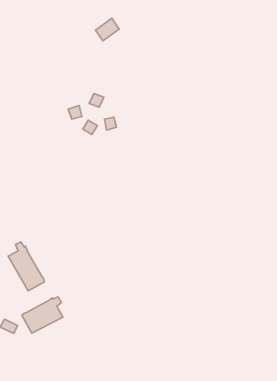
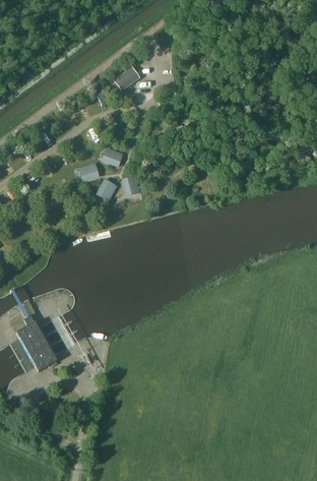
building: [22,297,63,333] -> none

